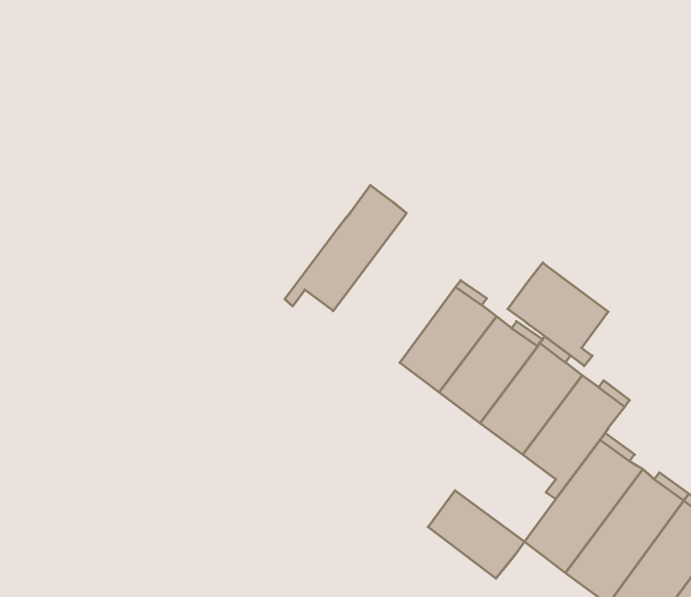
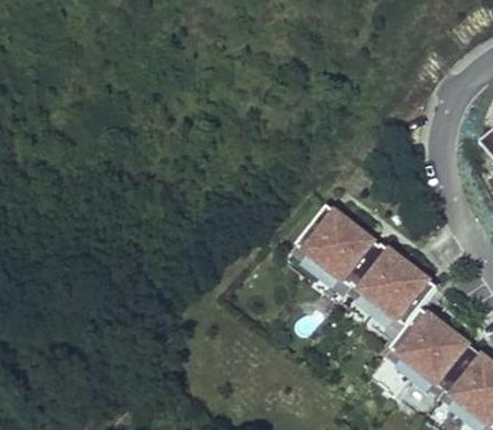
building: [285,185,406,311] -> none
building: [508,263,608,366] -> none
building: [428,491,525,578] -> none

